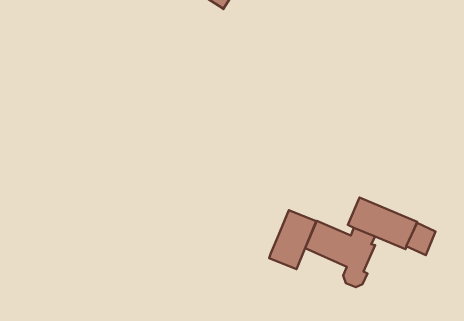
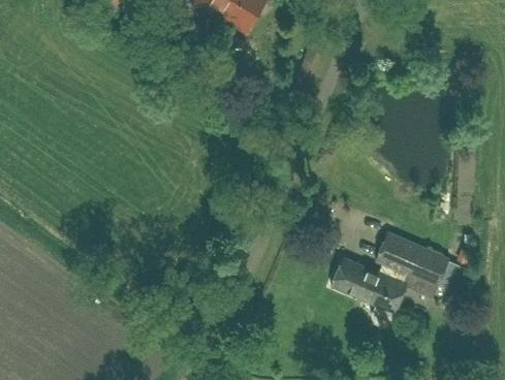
building: [269,210,316,269] -> none

